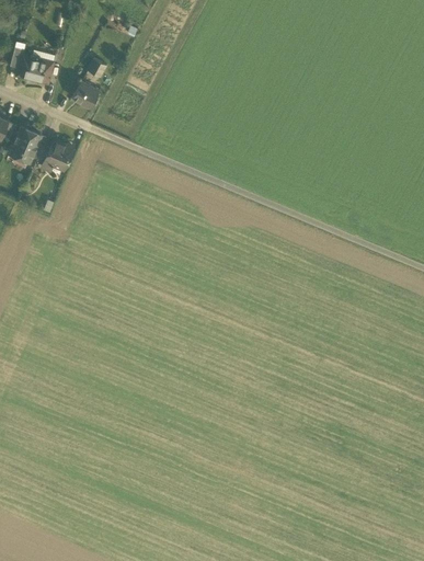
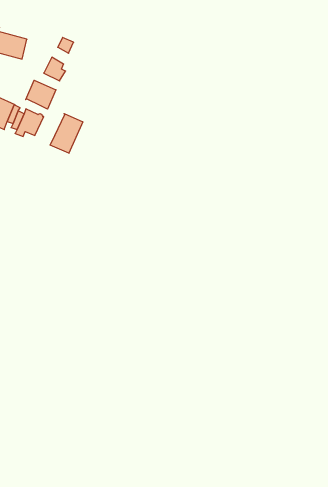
building: none -> [26,80,56,109]
building: none -> [50,114,83,153]

